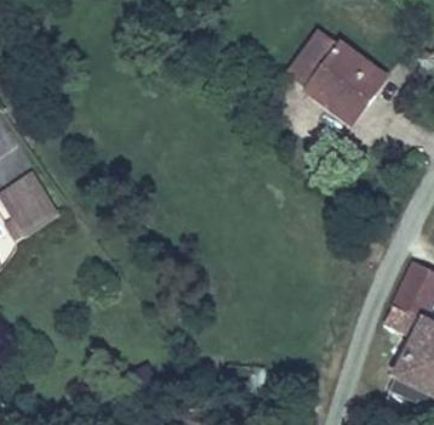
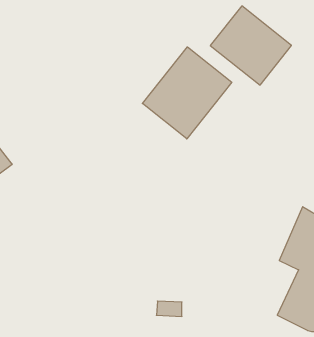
building: none -> [142,47,232,139]

